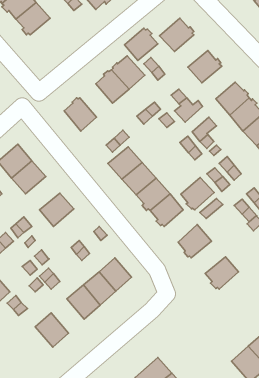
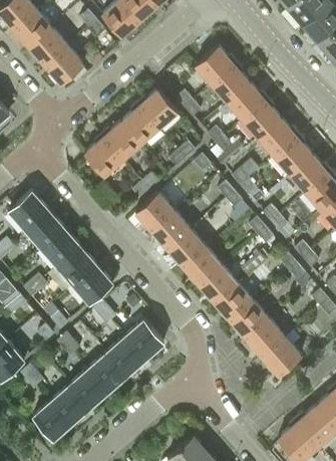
building: none -> [46,46,84,84]
building: [125,28,158,61] -> [212,65,250,102]
building: none -> [243,101,281,139]
building: none -> [103,122,140,160]
building: none -> [41,228,80,266]
building: [181,177,214,210] -> [200,266,238,303]
building: none -> [73,265,112,303]
building: none -> [231,302,270,339]
building: none -> [263,337,301,376]
building: none -> [70,362,108,408]
building: none -> [34,401,72,439]

